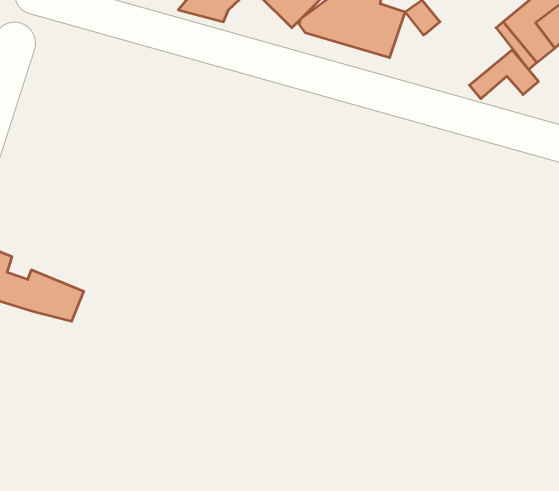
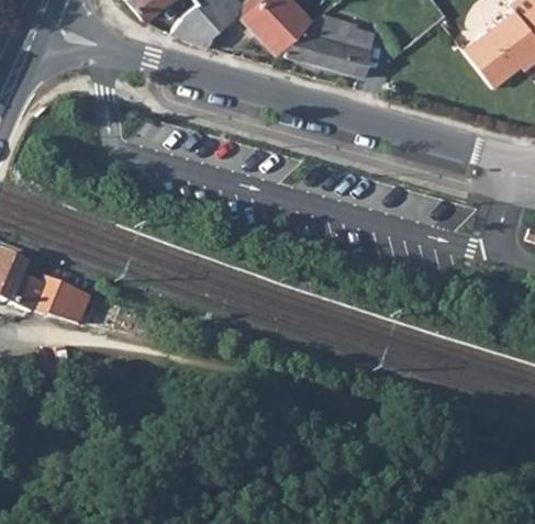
building: [469,50,538,99] -> none

